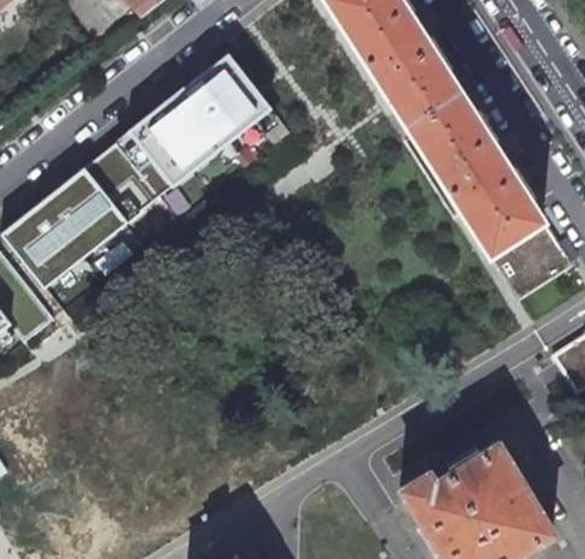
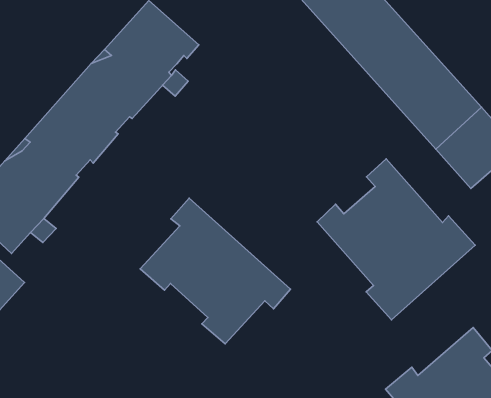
building: none -> [317,159,475,320]
building: none -> [140,198,290,344]

